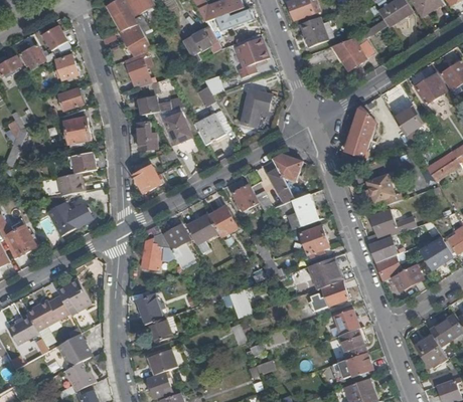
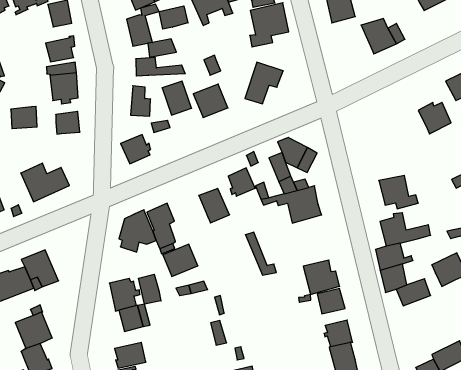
building: none -> [159,6,188,29]
building: [345,108,375,159] -> none
building: [57,173,83,195] -> [11,106,37,129]
building: [185,214,217,244] -> [163,244,198,276]
building: [300,226,329,258] -> none
building: none -> [139,274,161,304]

